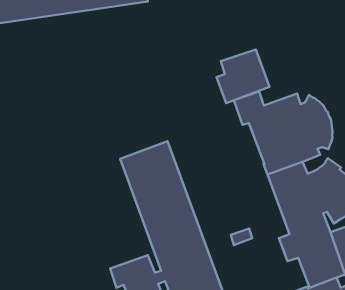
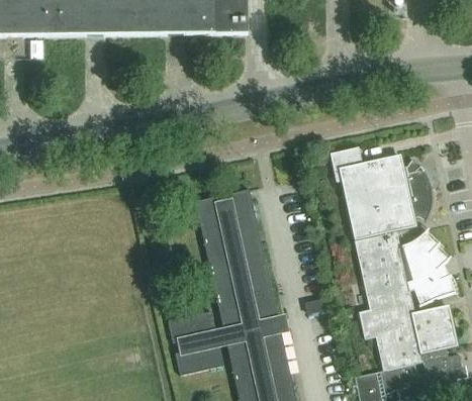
building: [217,49,270,103] -> none

